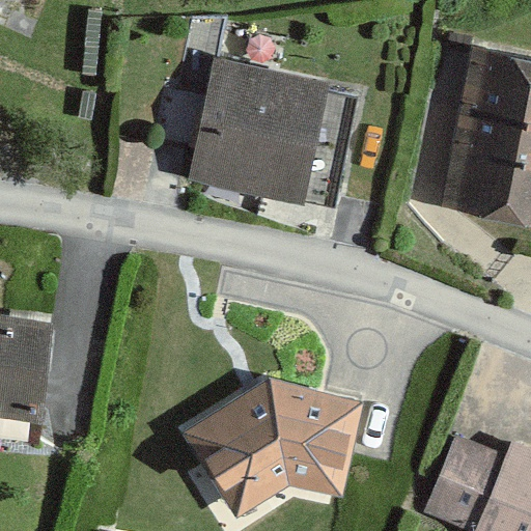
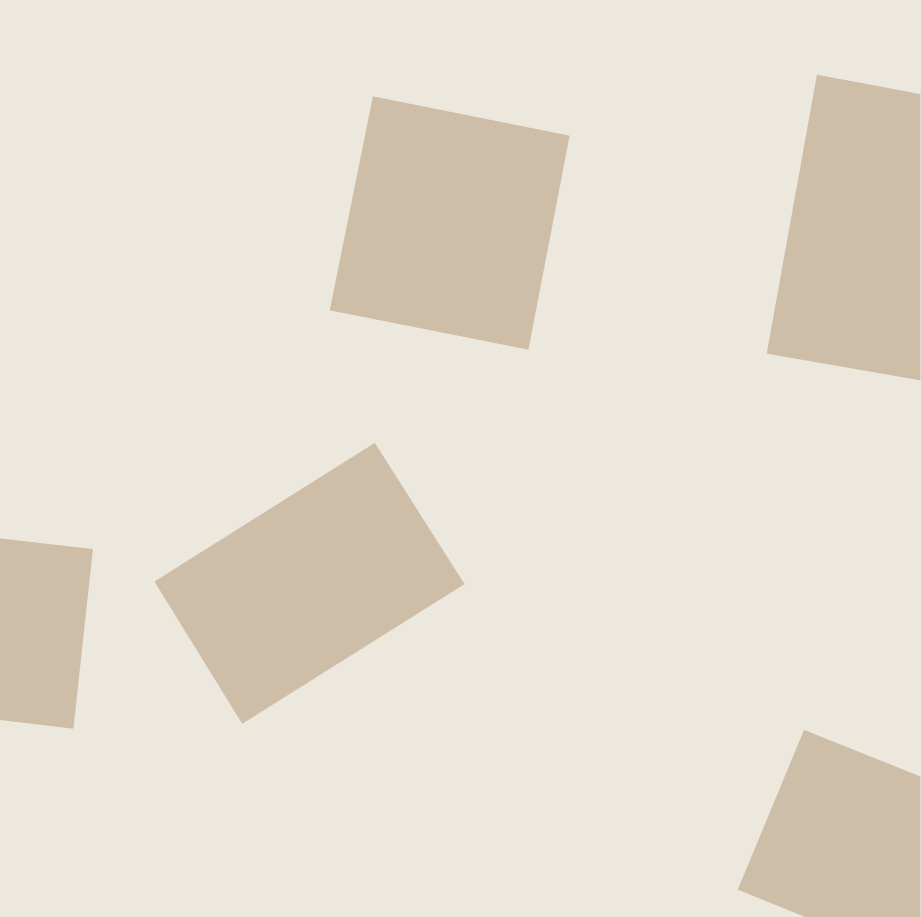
building: none -> [153,442,466,725]
building: [179,376,363,519] -> none

